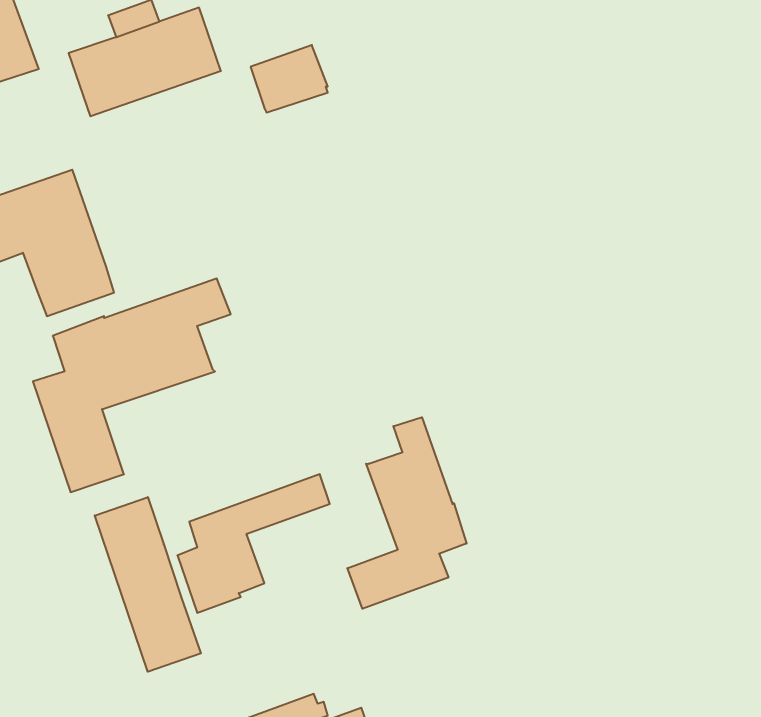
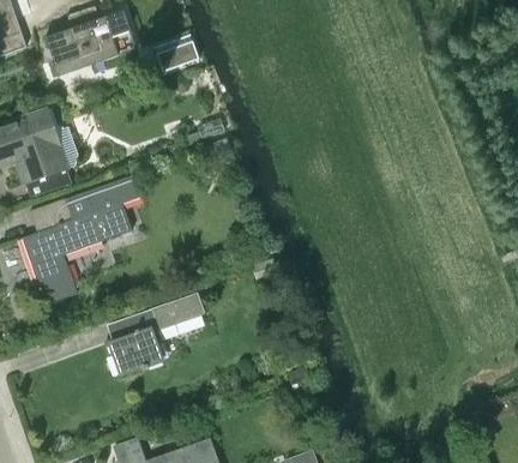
building: [347,417,467,609] -> none
building: [95,497,201,672] -> none

